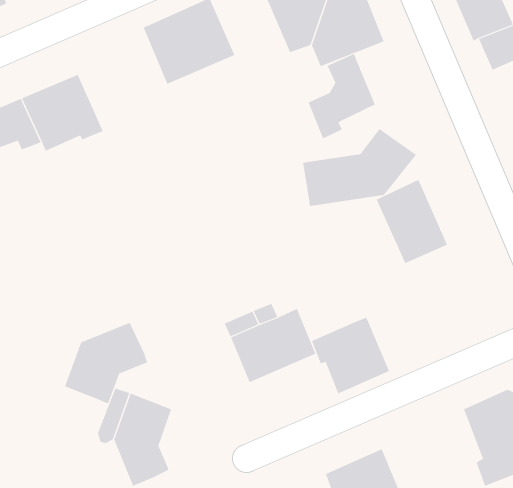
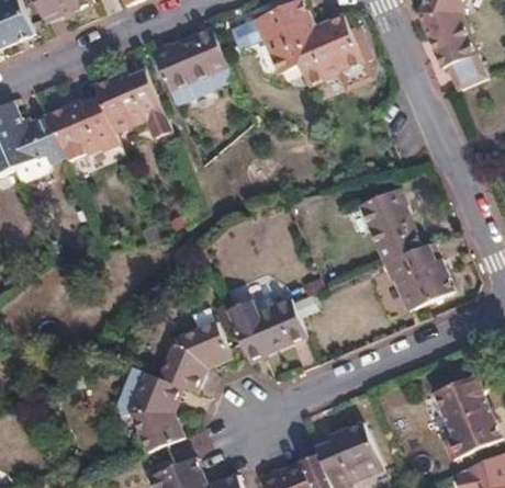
building: none -> [97,66,166,134]
building: [308,53,376,139] -> none
building: [303,128,417,207] -> none
building: [311,317,390,394] -> [382,238,450,305]
building: [64,322,148,404] -> [155,319,227,390]

